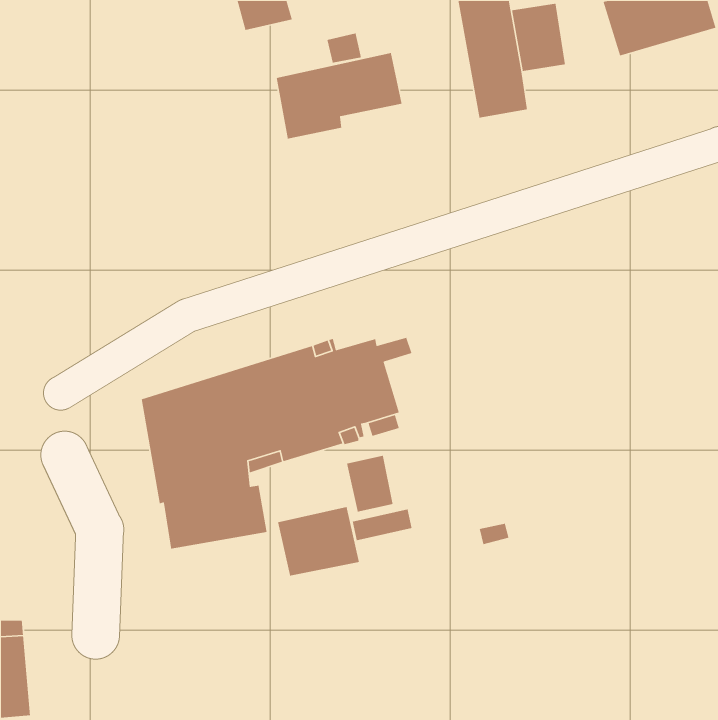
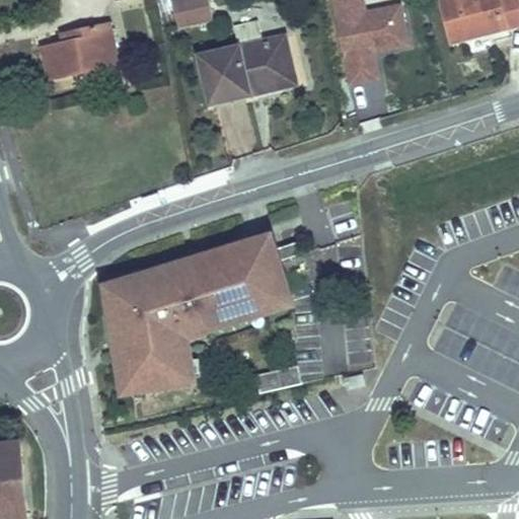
building: none -> [41,21,123,80]
building: [346,455,394,513] -> none
building: [277,506,360,577] -> none

